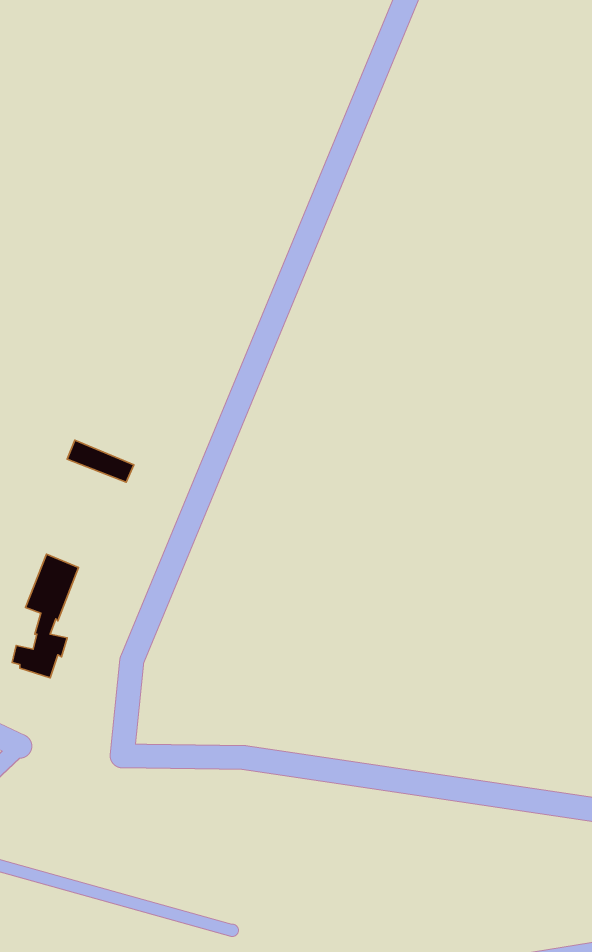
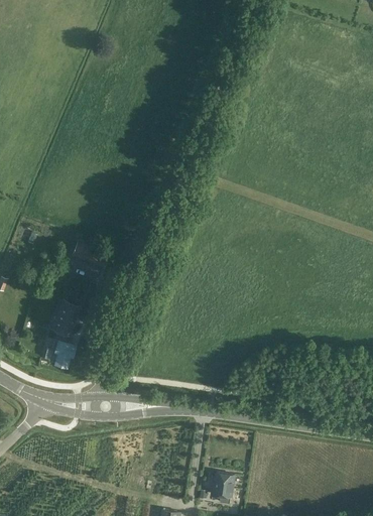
building: none -> [211,471,234,502]

